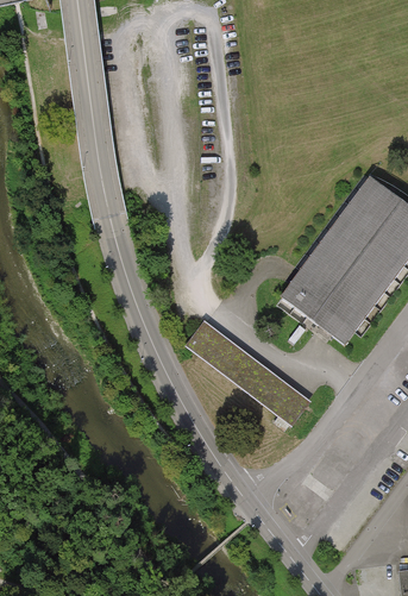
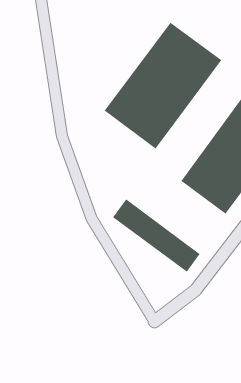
building: none -> [104,22,222,150]

